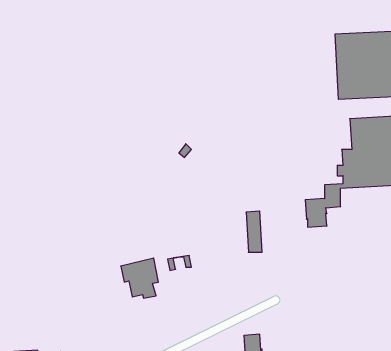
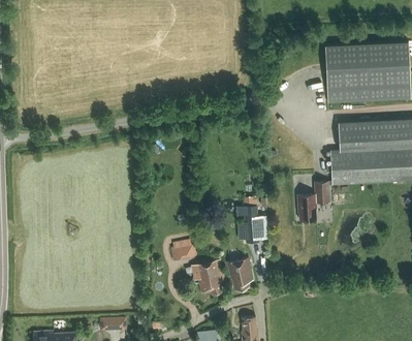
building: [121,258,158,298] -> [191,259,225,296]
building: none -> [227,258,254,290]

